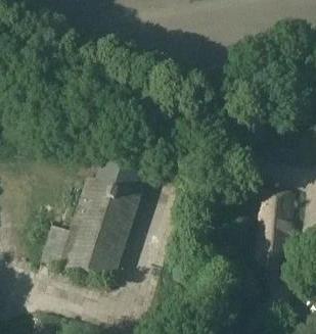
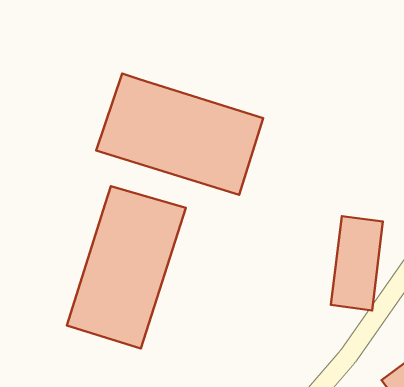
building: none -> [96,74,263,195]

